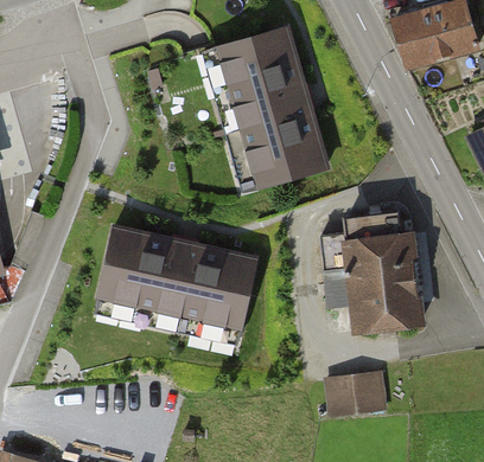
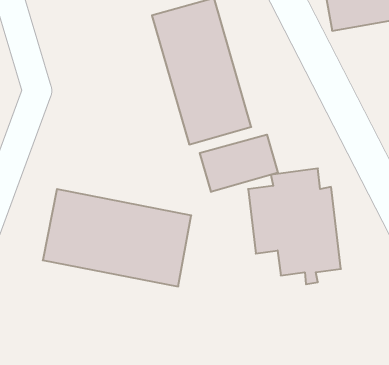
building: none -> [200,135,278,192]
building: [325,372,382,413] -> none

